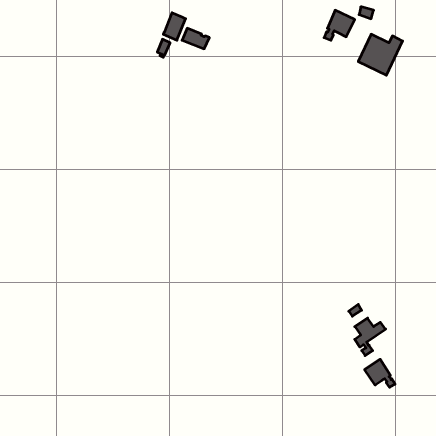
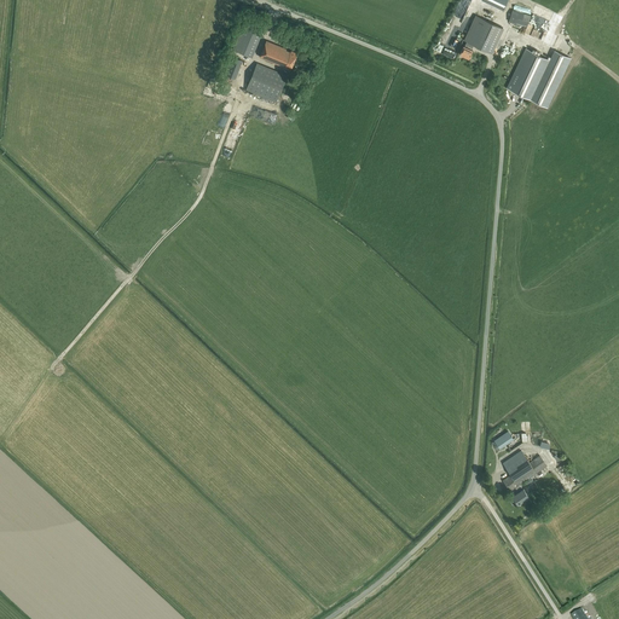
building: none -> [244,64,285,103]
building: [365,359,395,387] -> none

